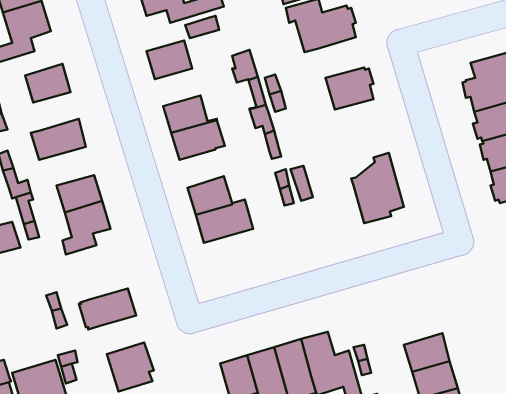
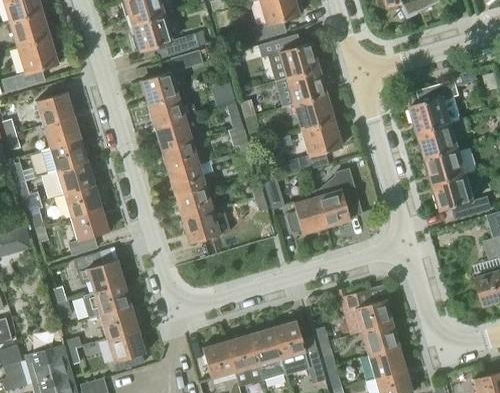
building: none -> [275,68,329,106]
building: none -> [147,95,197,127]
building: none -> [43,115,82,148]
building: none -> [281,121,342,175]
building: none -> [56,162,95,195]
building: none -> [168,164,206,197]
building: none -> [286,195,326,234]
building: none -> [73,252,124,292]
building: none -> [340,287,393,334]
building: none -> [99,306,138,339]

